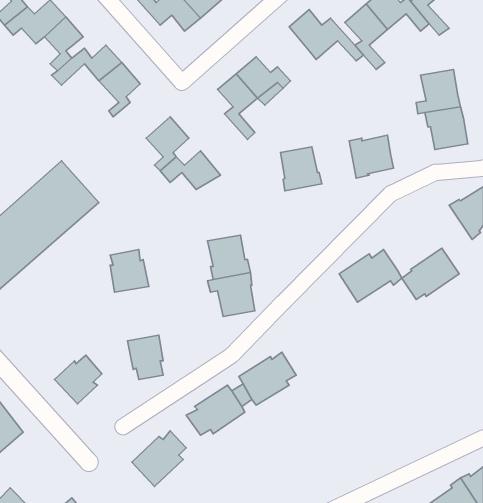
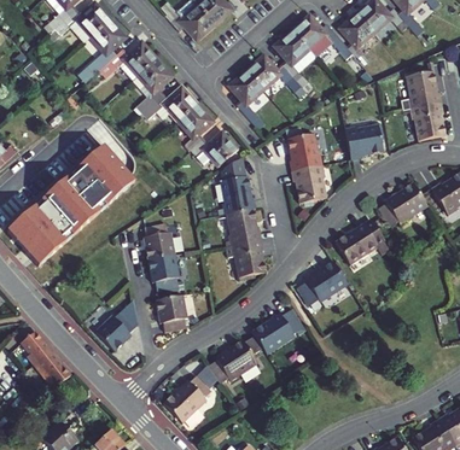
building: none -> [278,31,313,88]
building: none -> [135,92,193,125]
building: none -> [219,157,255,214]
building: none -> [290,164,326,203]
building: [402,248,459,299] -> [379,181,427,224]
building: none -> [146,251,179,288]
building: none -> [297,258,348,303]

